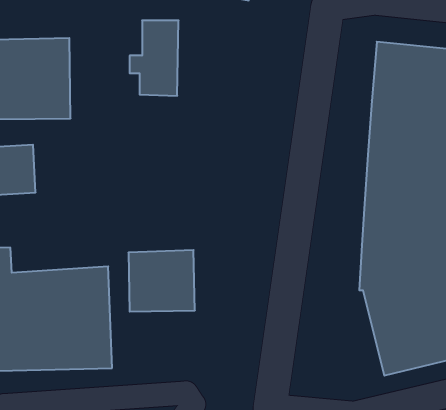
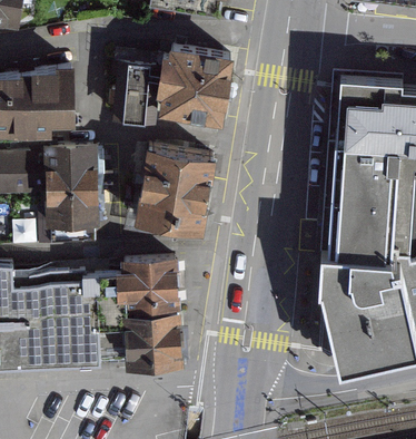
building: none -> [168,45,249,130]
building: none -> [145,143,229,232]
building: none -> [33,153,92,246]
building: none -> [116,312,175,369]

